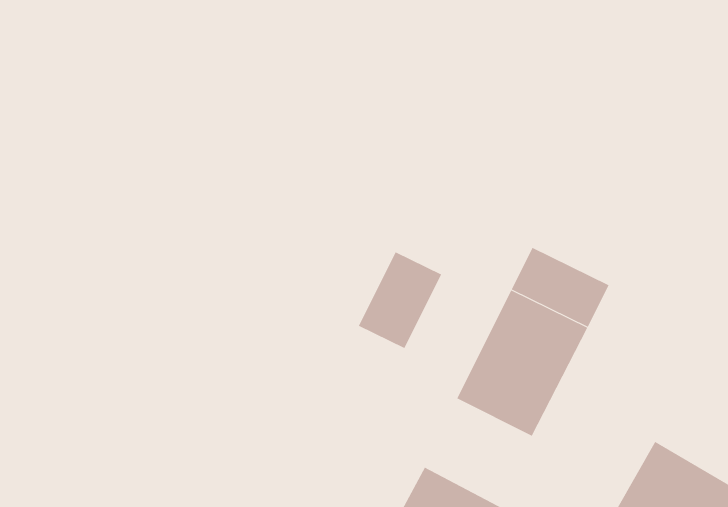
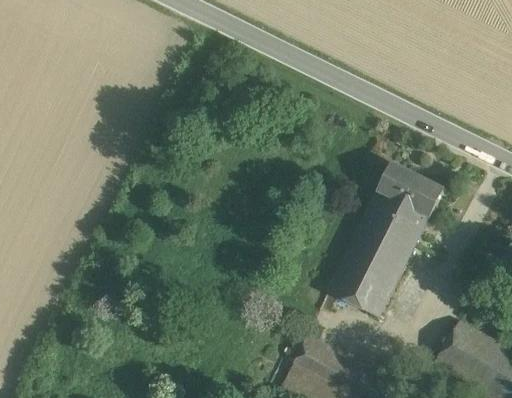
building: none -> [377,161,444,216]
building: [358,252,442,349] -> none

